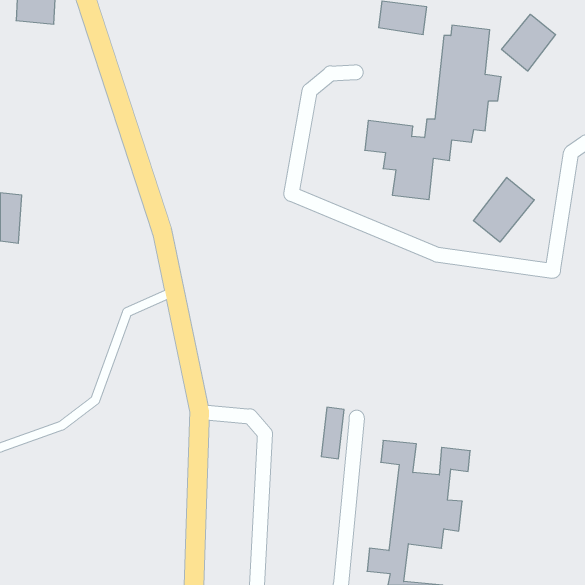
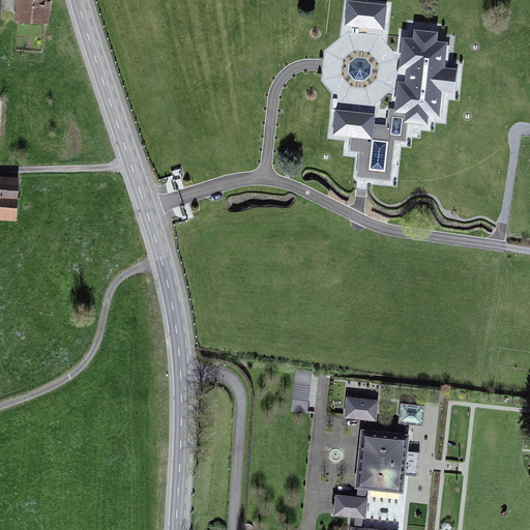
building: [502,14,556,71] -> none
building: [473,177,534,242] -> none

